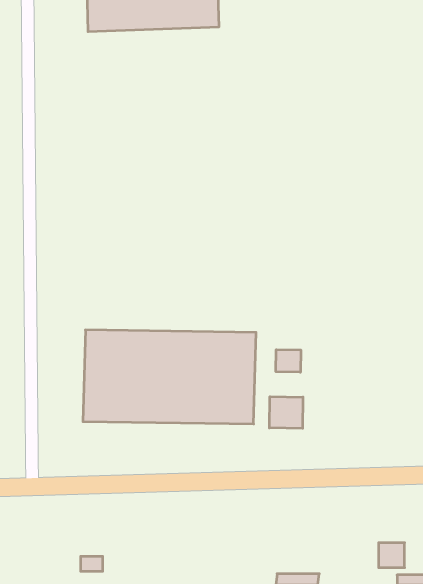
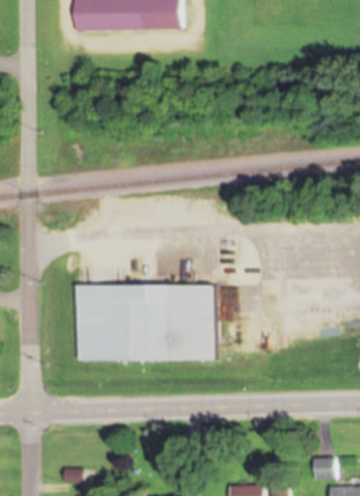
building: [276,350,301,372] -> none
building: [269,397,303,428] -> none

